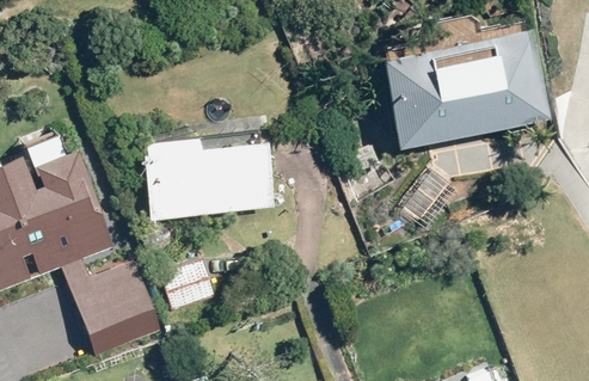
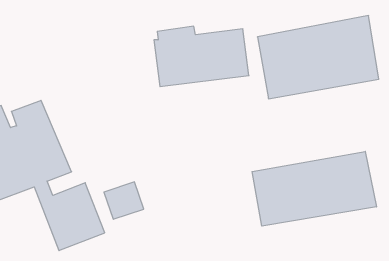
building: [141,137,275,222] -> [154,26,249,87]
building: none -> [252,151,376,226]

